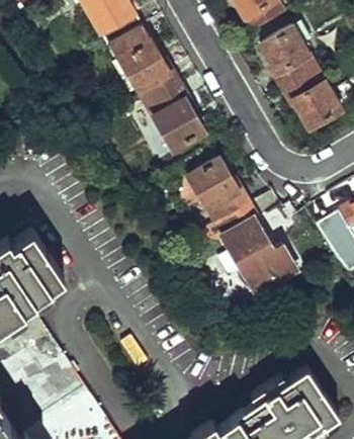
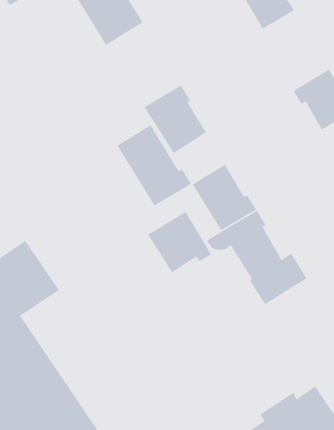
building: [263,22,317,88] -> none
building: [106,25,177,103] -> [117,124,192,207]
building: none -> [147,211,212,273]

